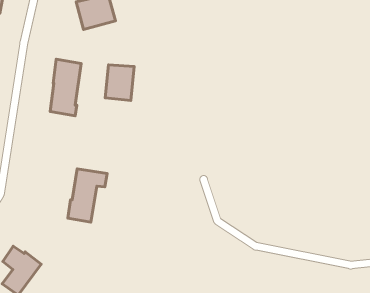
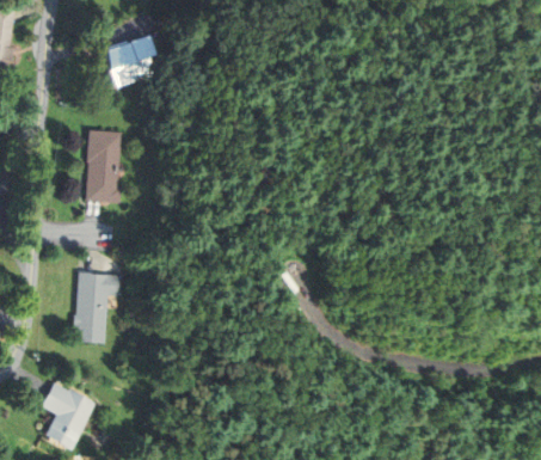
building: [105,65,134,101] -> none
building: [68,169,107,222] -> [73,272,119,342]

